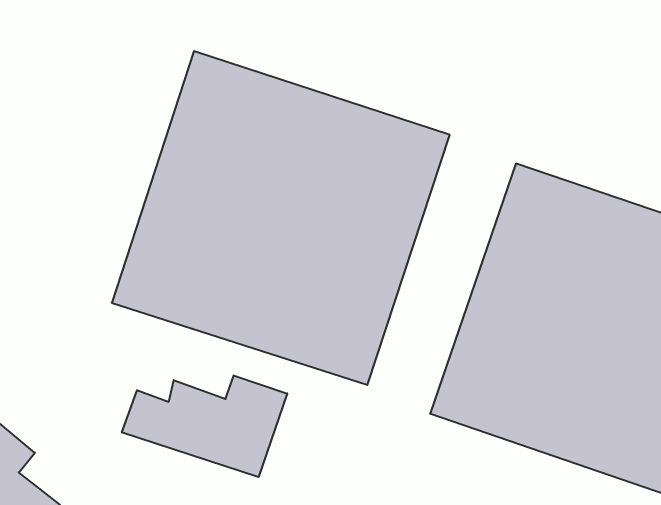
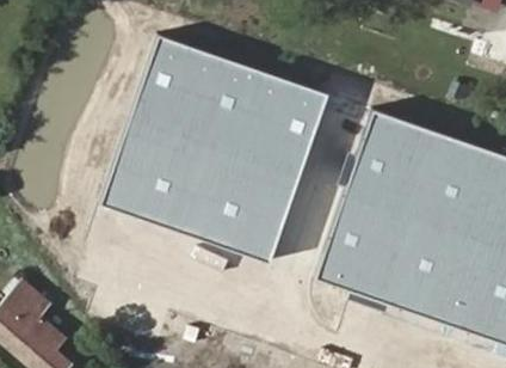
building: [122,375,287,477] -> none

